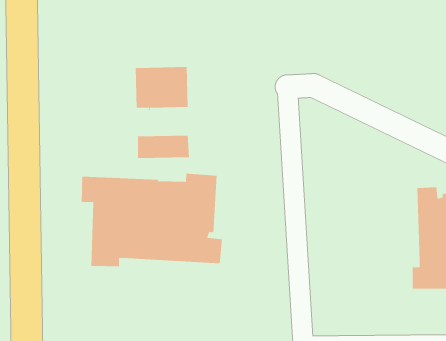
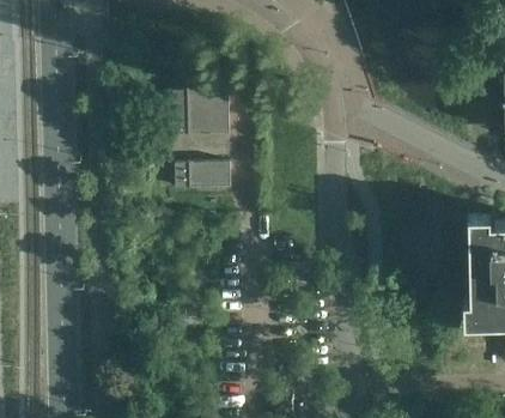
building: [81,173,223,267] -> none

